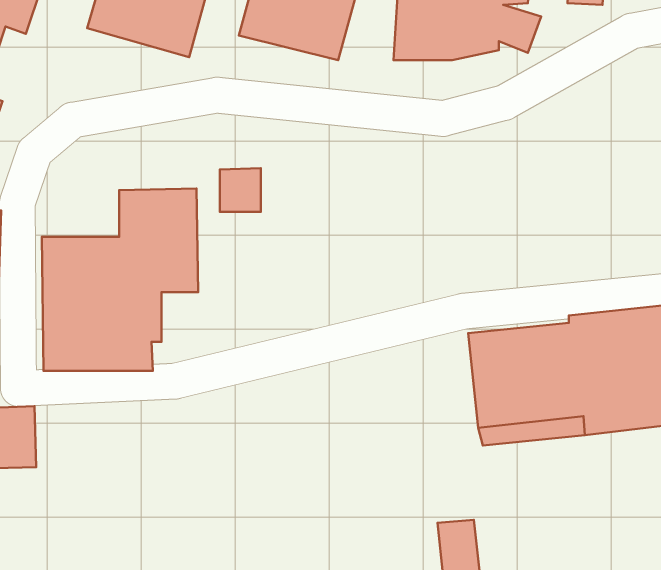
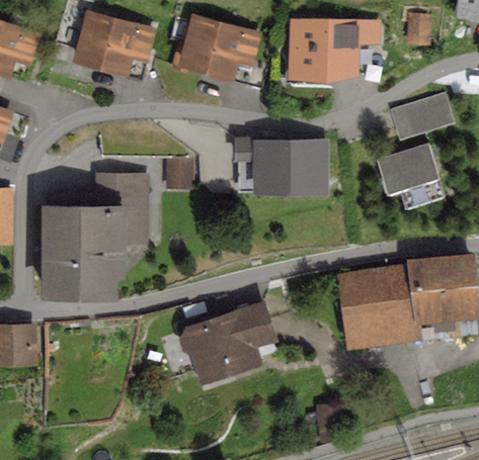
building: none -> [389,91,455,141]
building: none -> [235,136,328,195]
building: none -> [376,142,447,208]
building: none -> [178,301,277,385]

